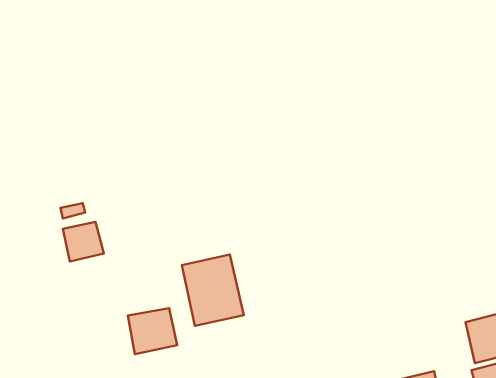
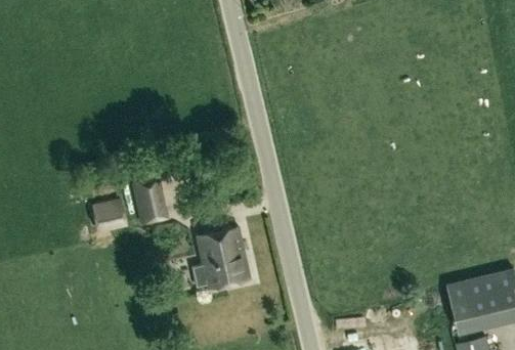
building: none -> [132,177,172,226]
building: [128,308,177,354] -> none

